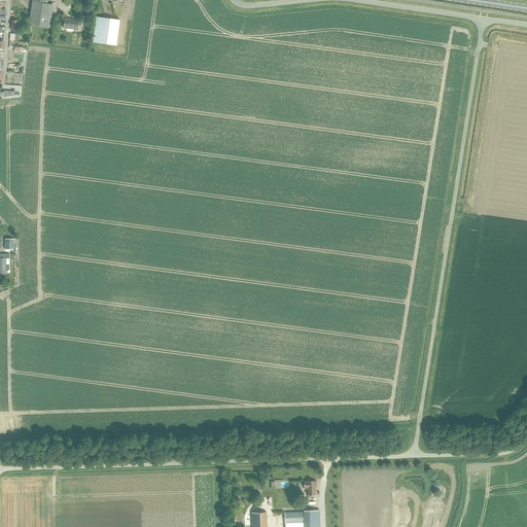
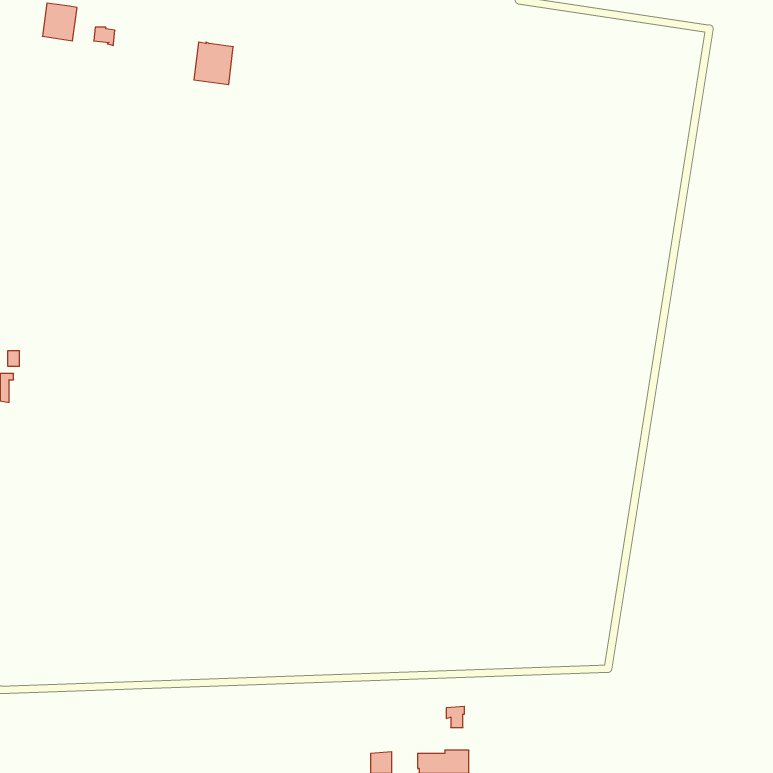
building: [93,16,119,45] -> [194,42,233,85]

